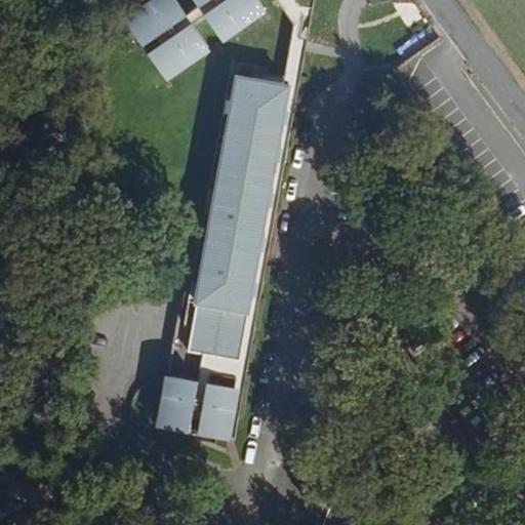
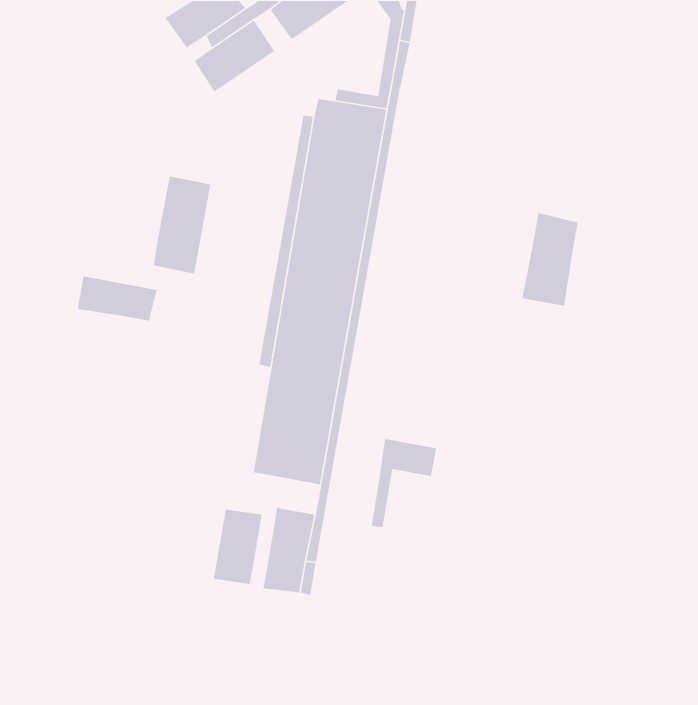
building: none -> [153,175,211,275]
building: none -> [522,212,579,307]
building: none -> [77,276,157,321]
building: [189,354,238,420] -> [371,438,437,528]

